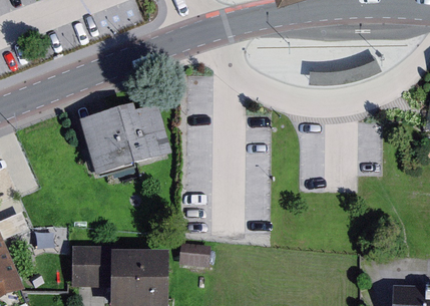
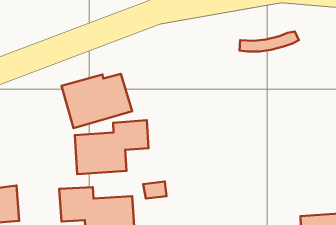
building: none -> [75,120,148,174]

